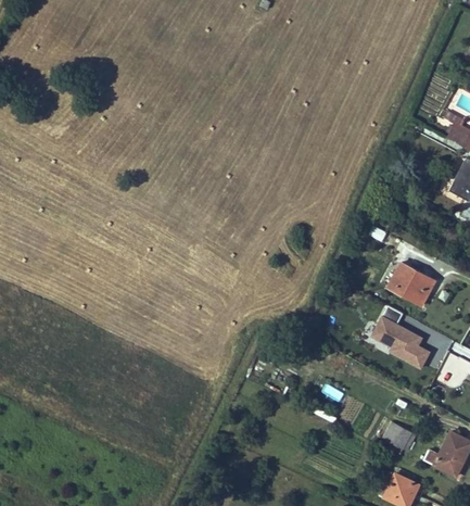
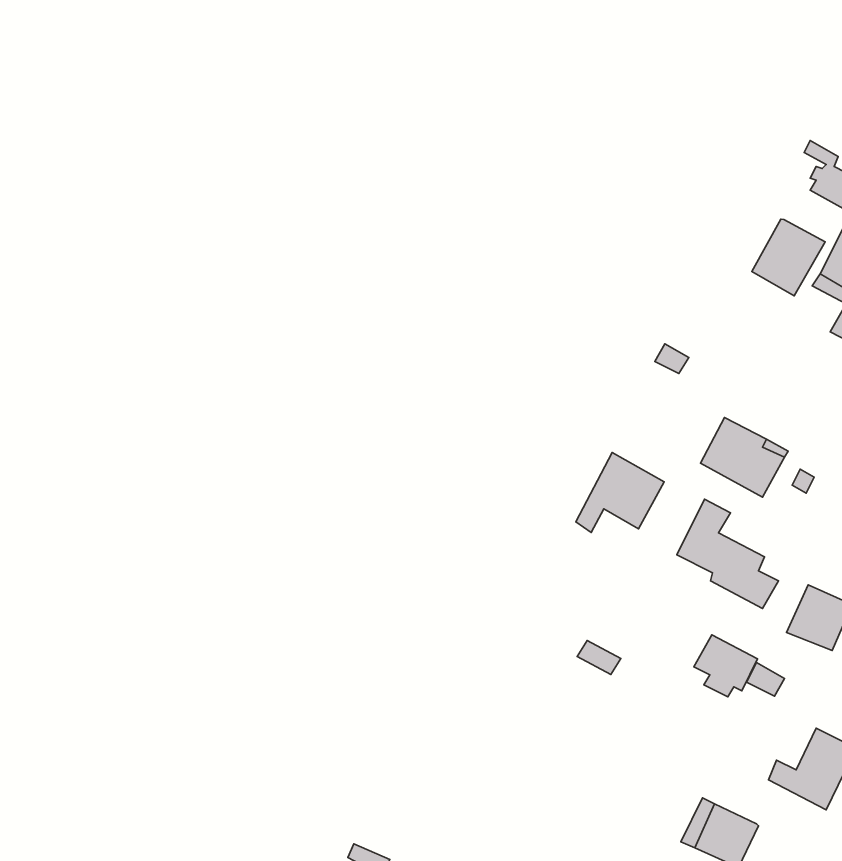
building: none -> [752,219,825,296]
building: none -> [576,453,664,532]
building: [382,420,417,454] -> [694,635,758,697]

